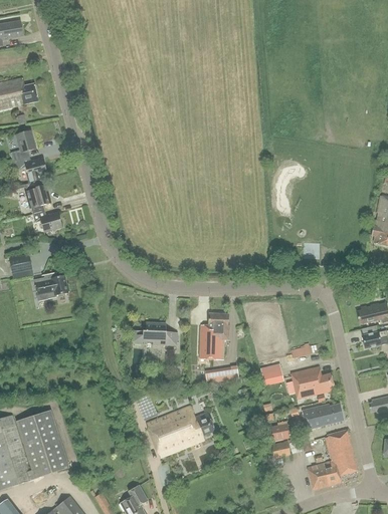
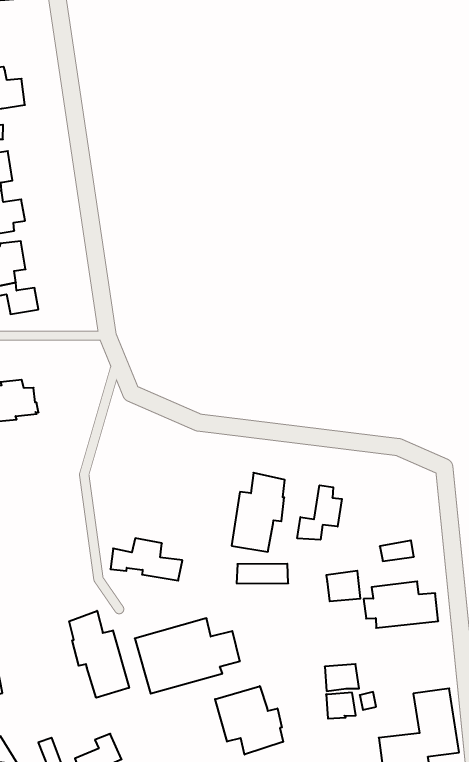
building: none -> [297,485,342,540]
building: [133,321,177,344] -> [110,538,182,581]
building: [302,404,342,429] -> none
building: none -> [69,611,129,698]
building: none -> [215,686,283,755]

